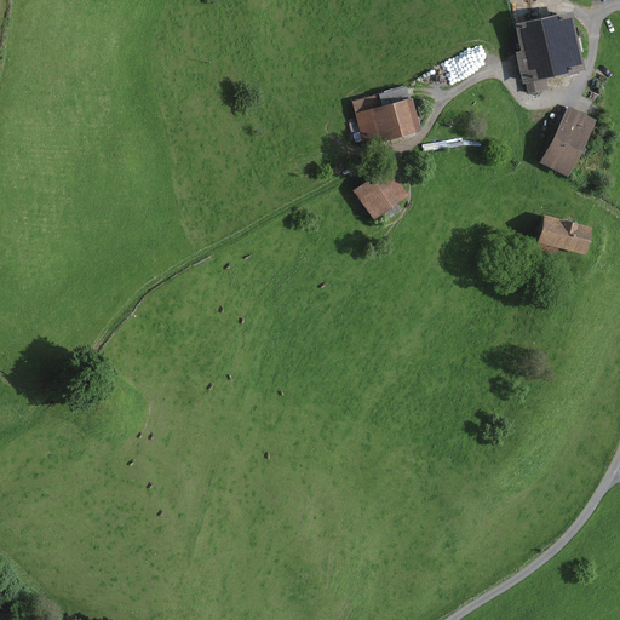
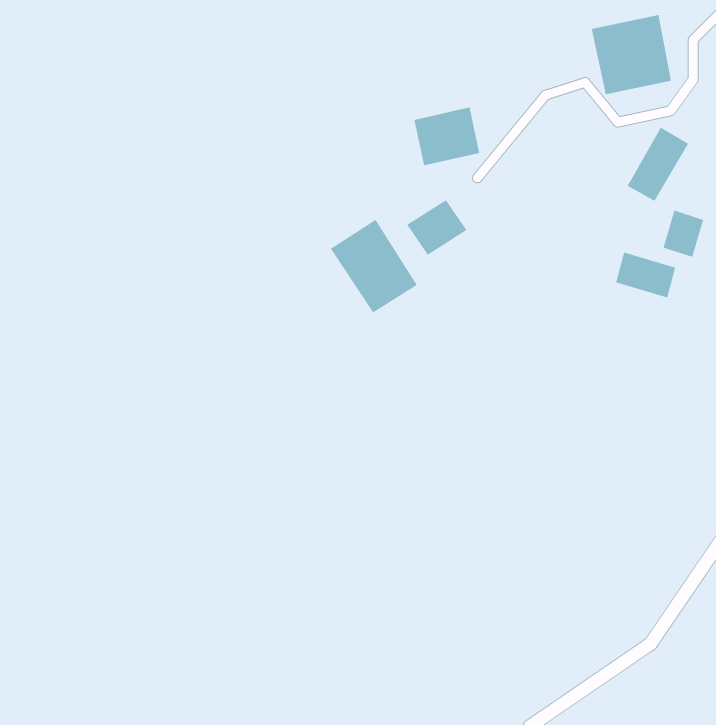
building: none -> [663,210,704,258]
building: none -> [330,219,418,314]

